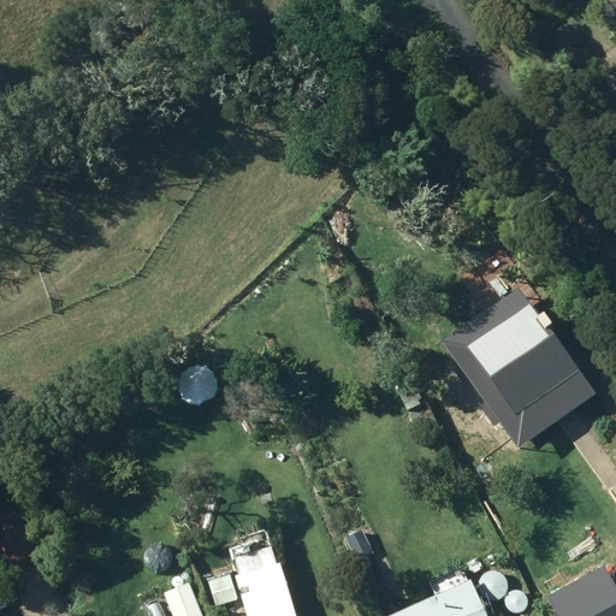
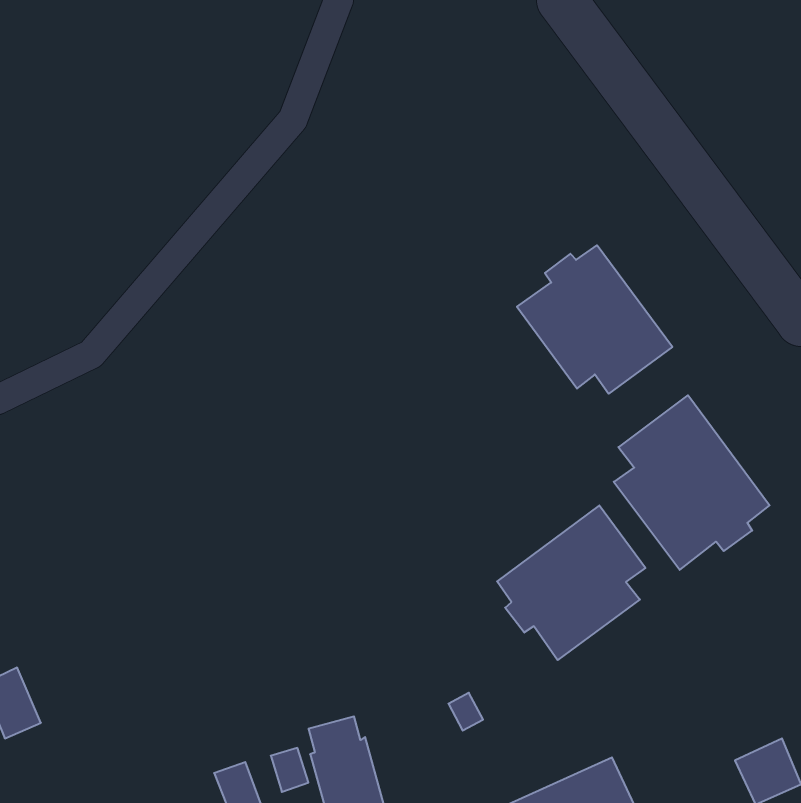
building: none -> [517,245,672,394]
building: none -> [497,505,645,660]

